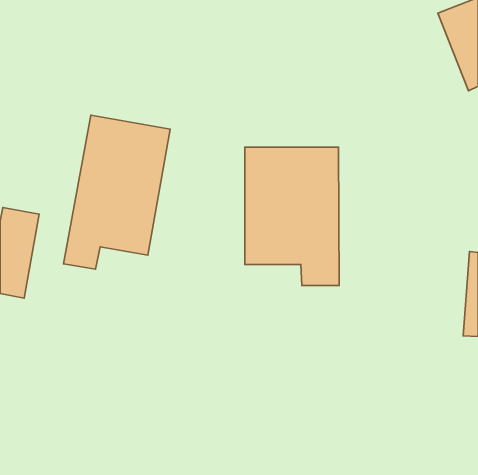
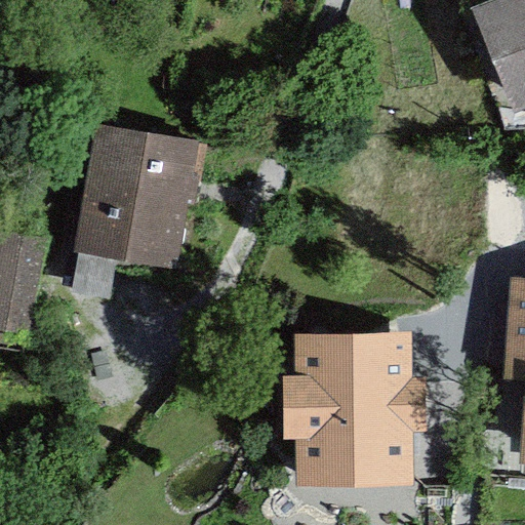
building: [245,147,339,285] -> none
building: none -> [296,337,418,462]

